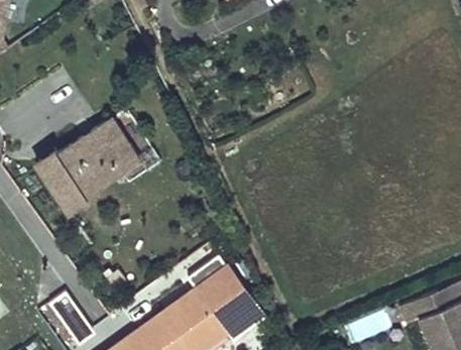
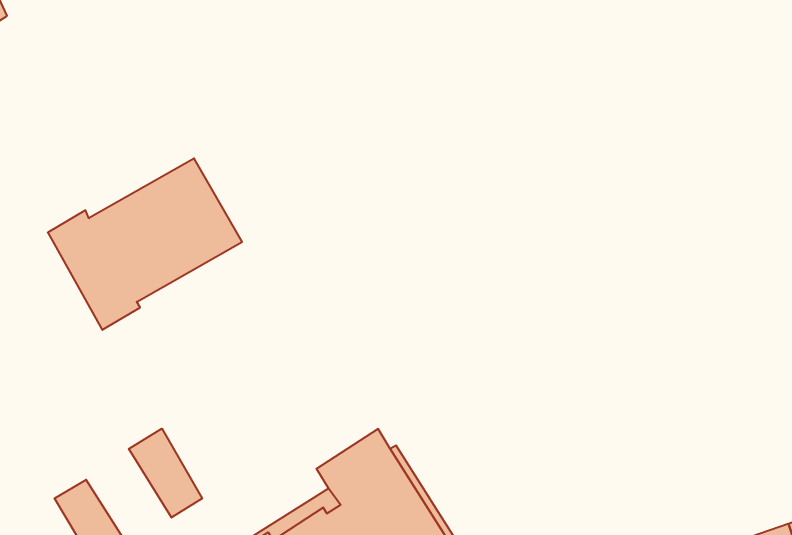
building: none -> [129,429,202,518]

